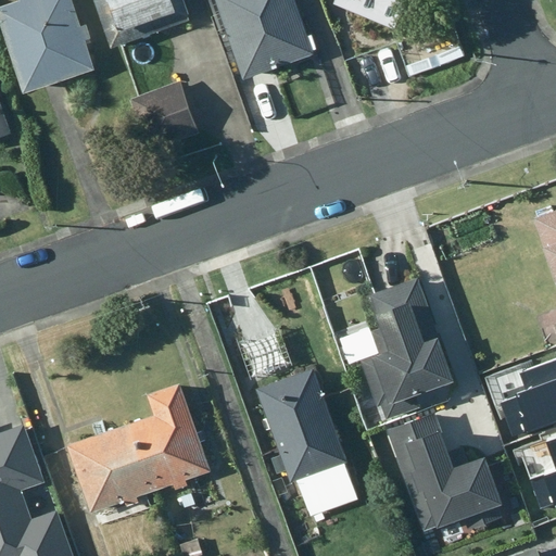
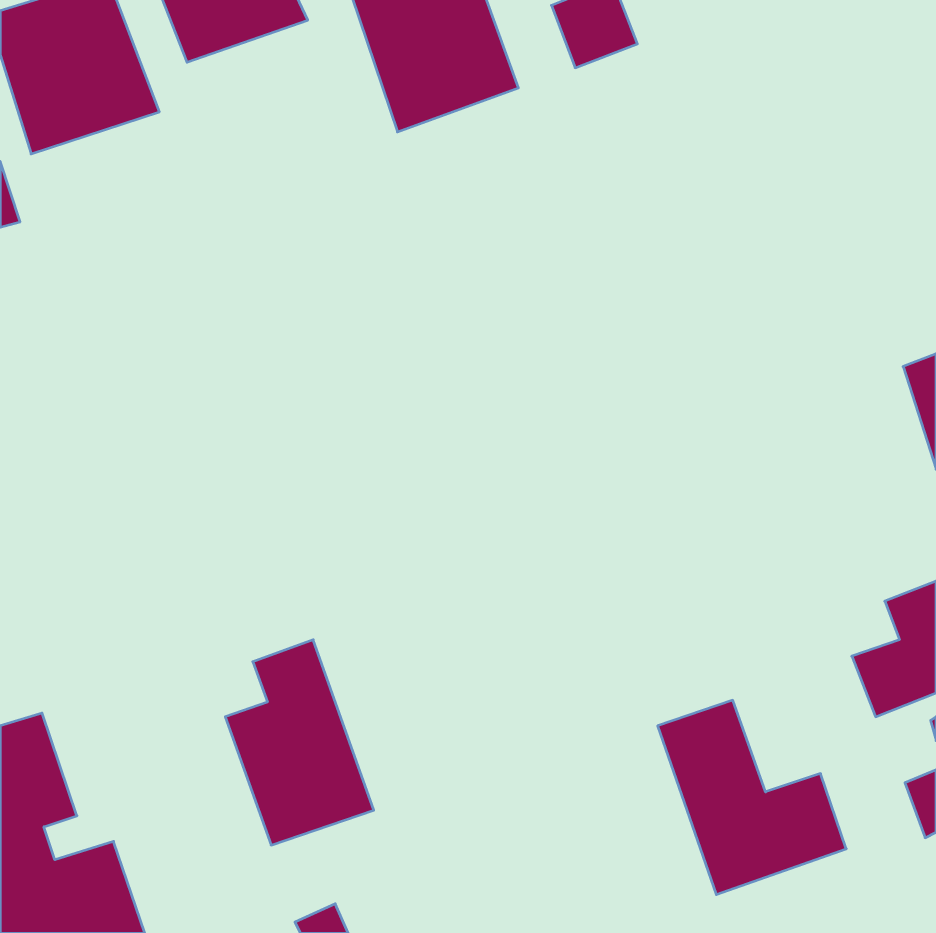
building: [127,81,192,148] -> none
building: [357,278,457,410] -> none
building: [256,372,355,515] -> none
building: [67,425,161,525] -> none

